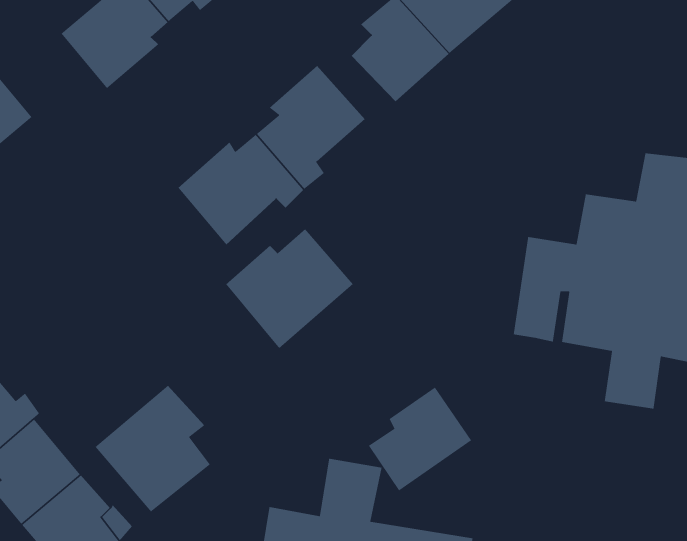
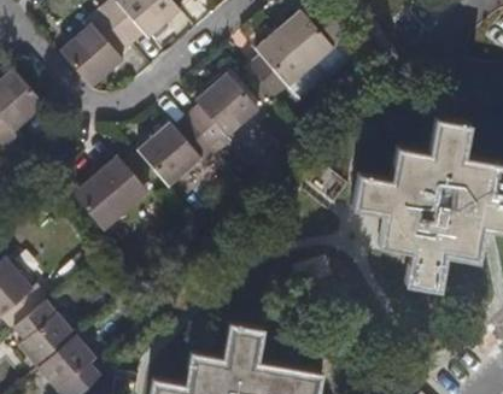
building: [225,228,354,349] -> [65,153,148,231]
building: [95,385,211,512] -> none
building: [368,387,472,492] -> none

